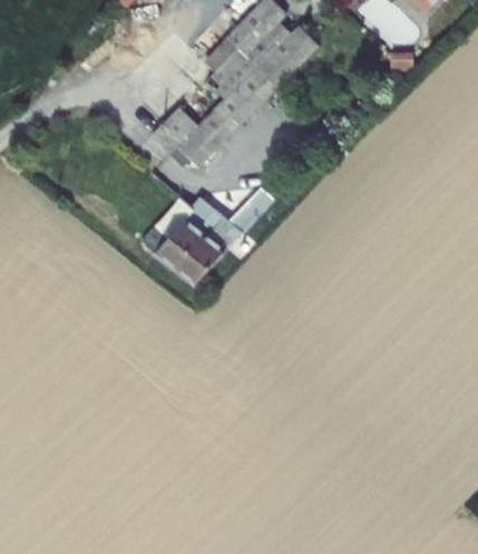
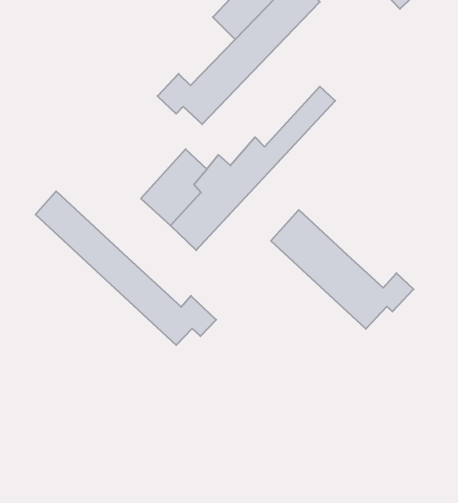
building: none -> [36,191,216,345]
building: none -> [271,210,414,329]

